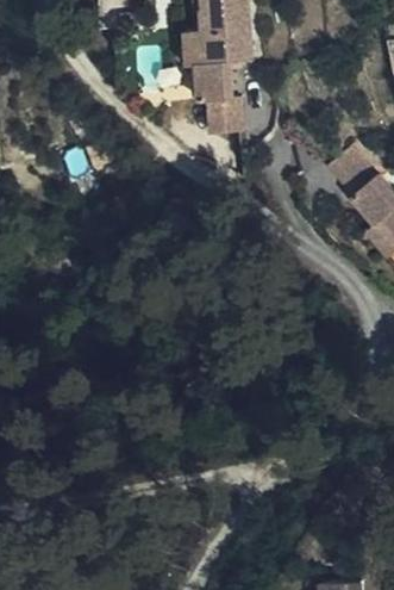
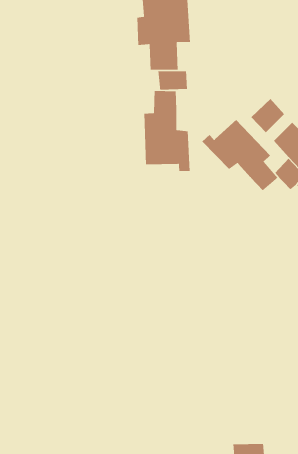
building: none -> [144,90,191,172]
building: none -> [202,119,278,191]

